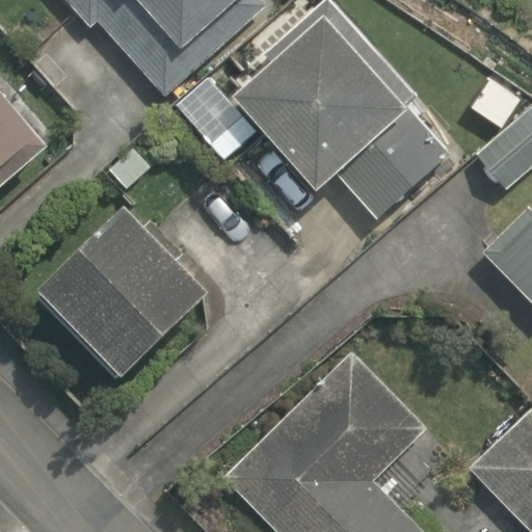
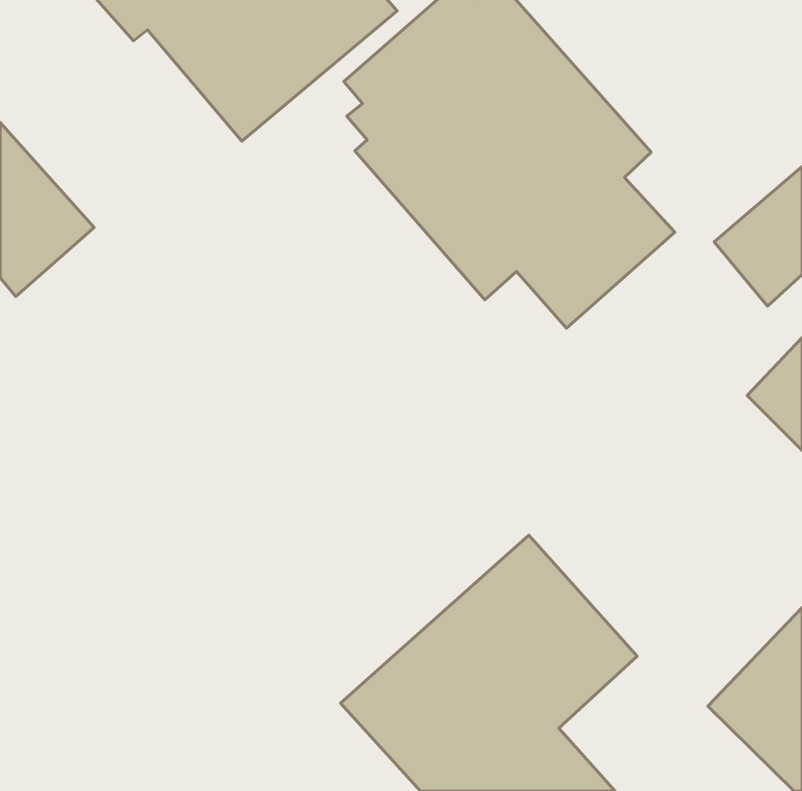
building: [42,215,210,383] -> none

